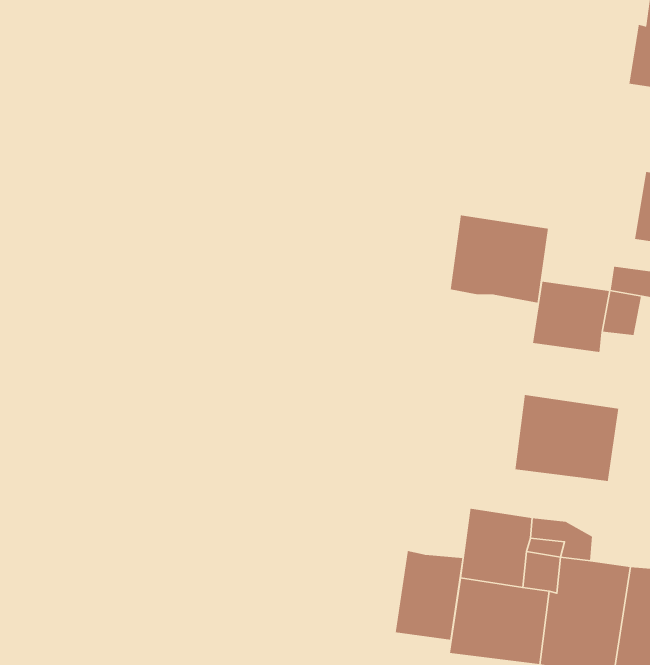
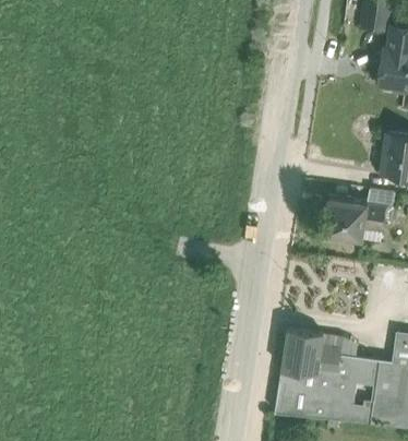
building: [450,215,549,303] -> none
building: [515,394,619,482] -> none
building: [395,550,463,640] -> none

